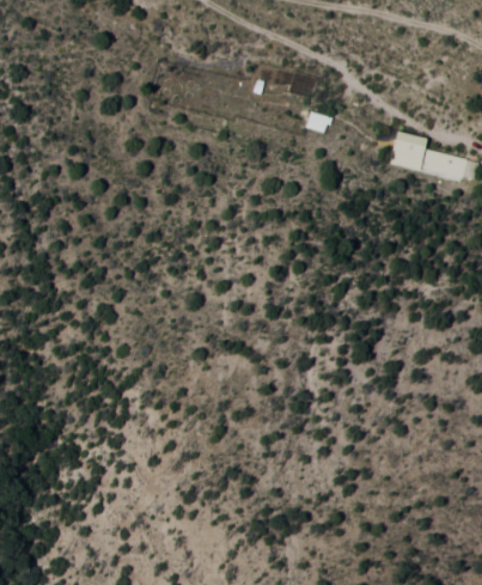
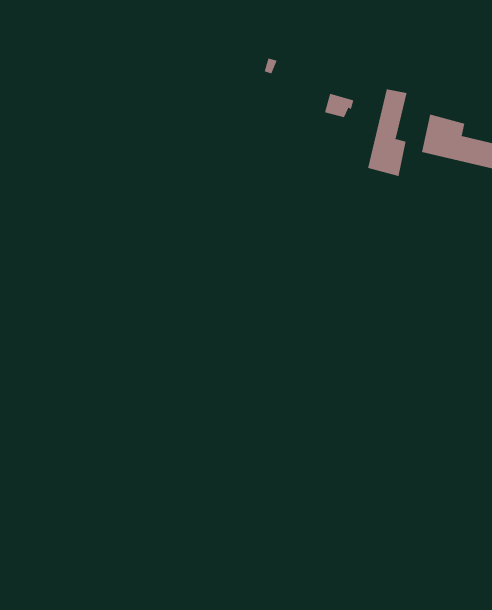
building: none -> [367,89,407,177]

